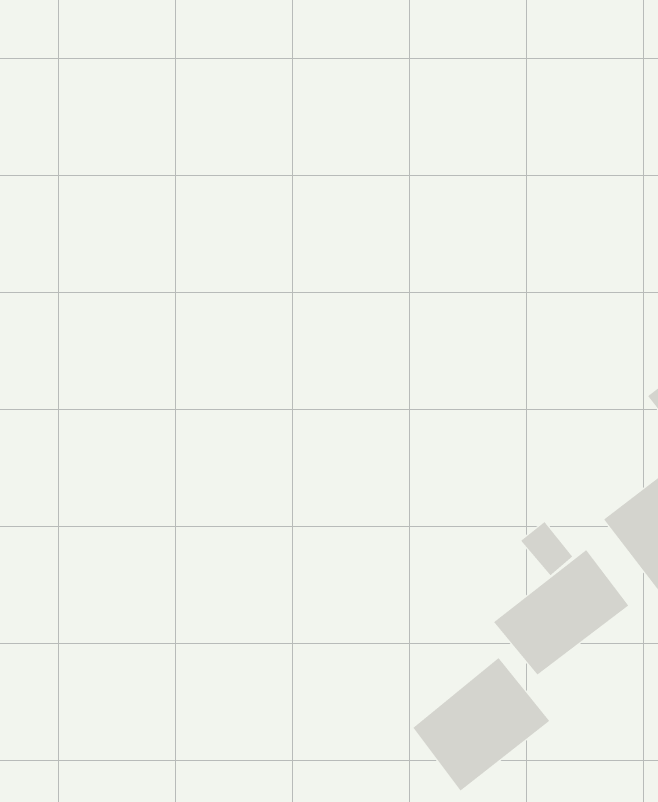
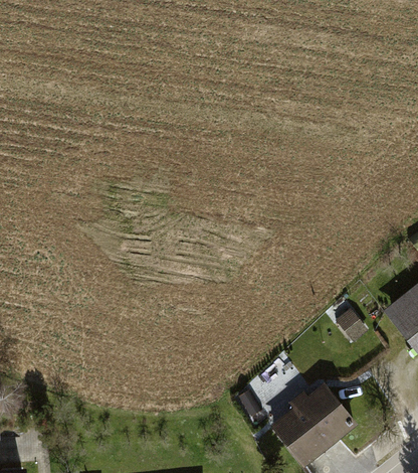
building: [493,549,629,675] -> none

